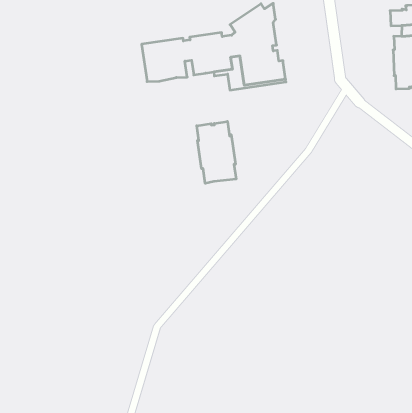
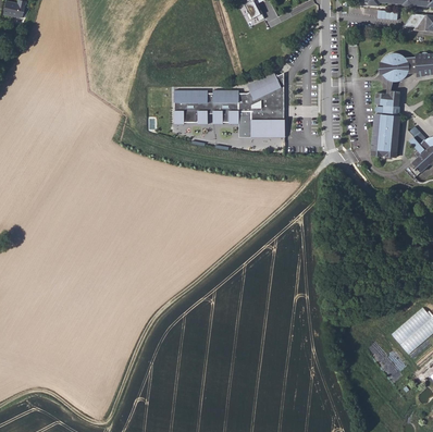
building: [197,121,236,183] -> none

